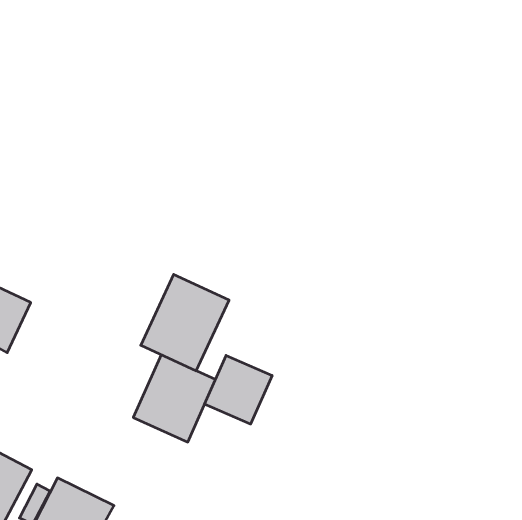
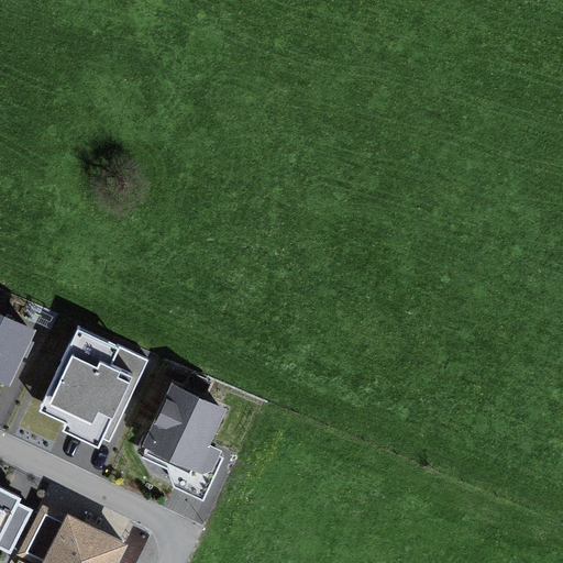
building: [141,274,229,371] -> [44,333,139,437]
building: [204,355,272,424] -> none

